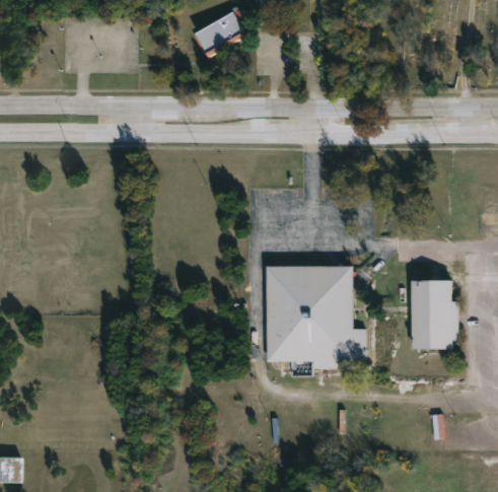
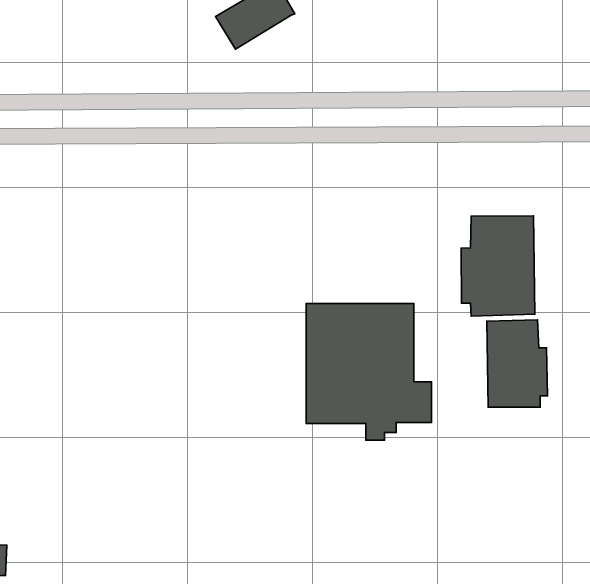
building: none -> [461,216,535,316]

